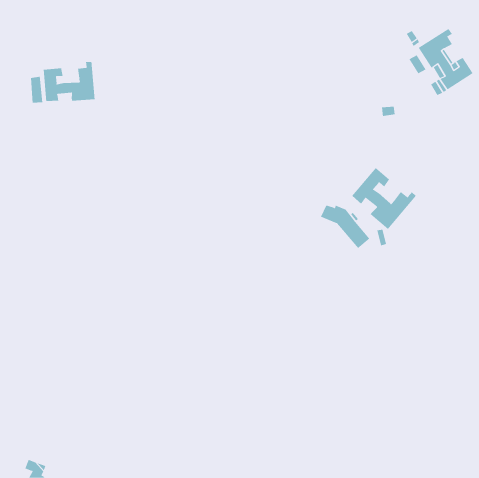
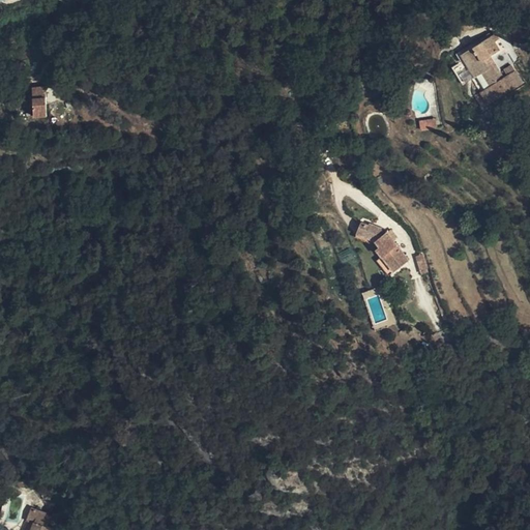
building: [43,61,95,102] -> none
building: [351,167,417,230] -> none

